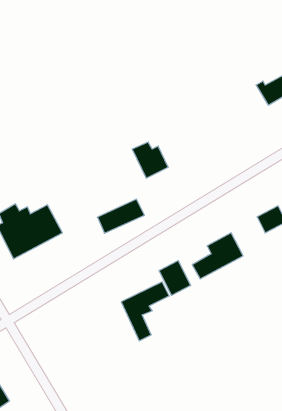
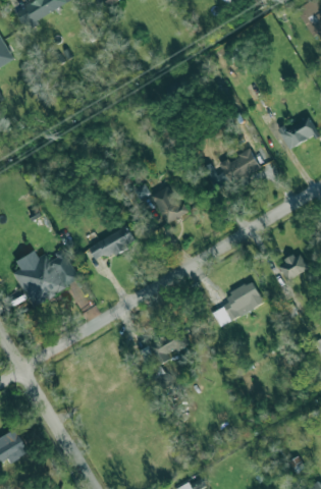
building: none -> [206,150,260,189]
building: [97,199,144,233] -> [89,227,137,262]
building: [159,261,191,295] -> none

